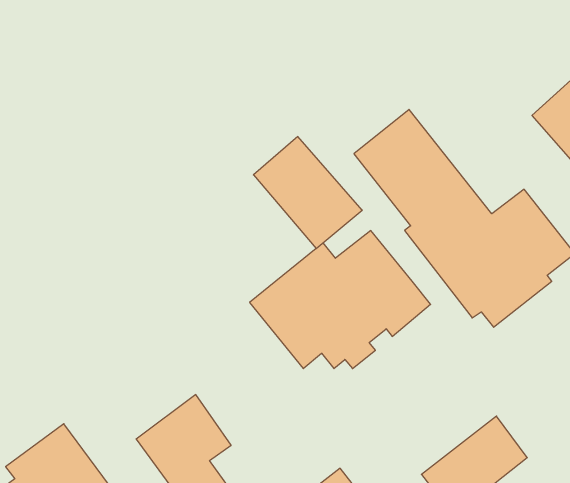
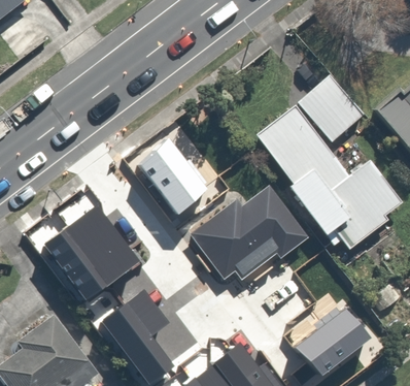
building: none -> [295,74,361,141]
building: [253,137,362,248] -> [139,141,212,217]
building: none -> [52,207,146,307]

